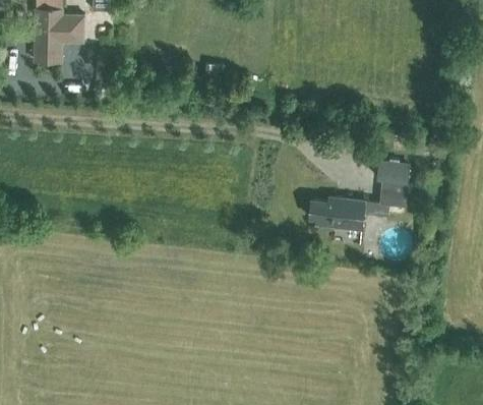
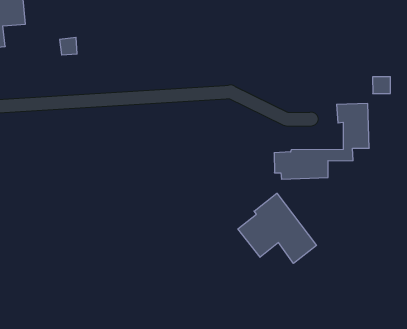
building: none -> [238,193,316,263]

